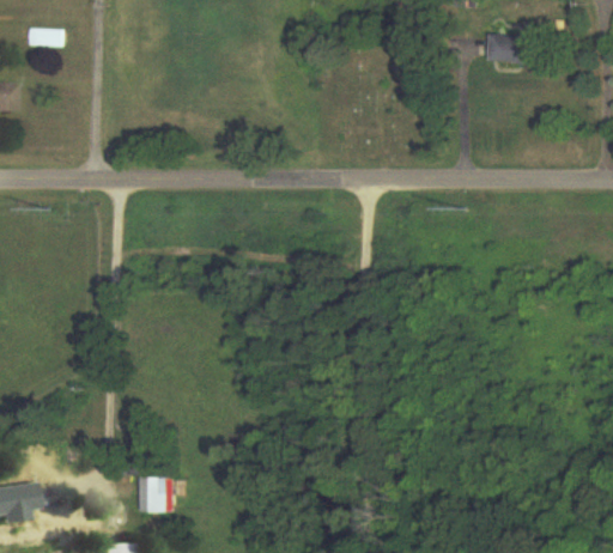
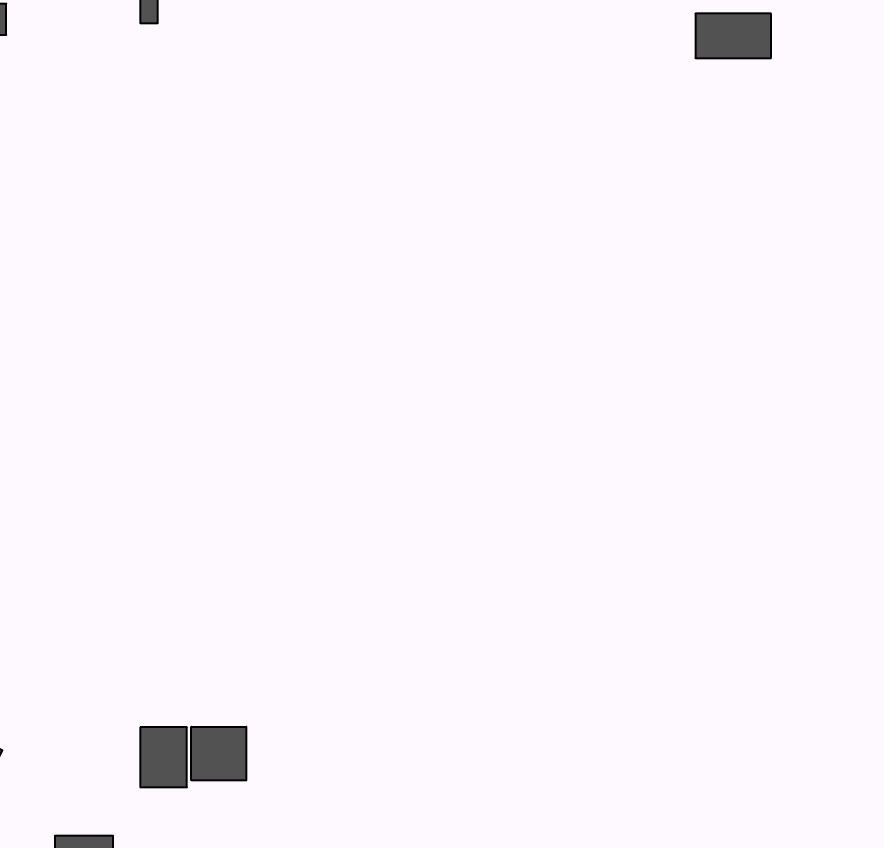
building: none -> [191,727,246,780]

